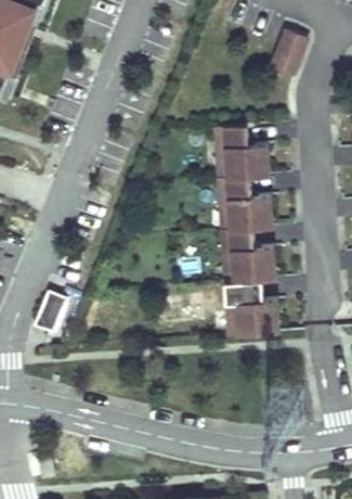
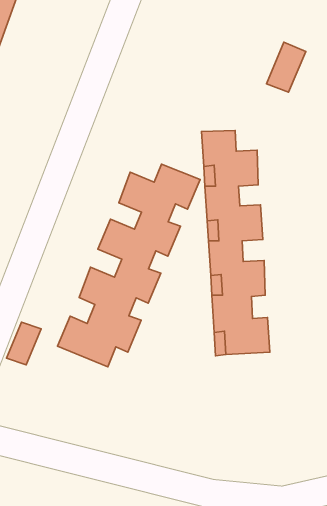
building: none -> [57,164,200,367]

